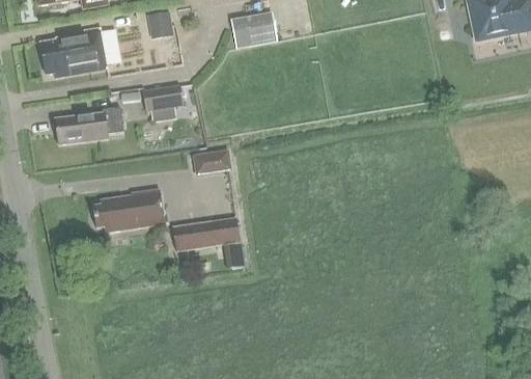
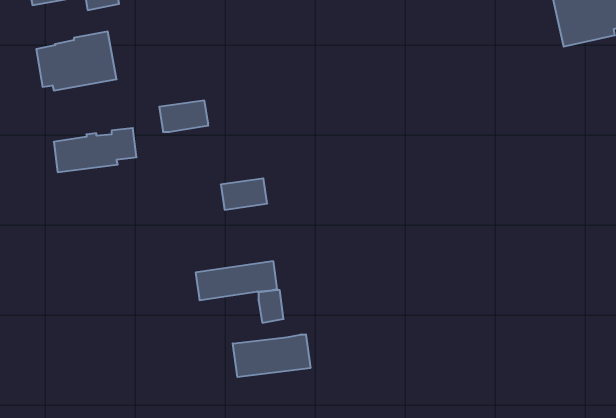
building: [147,10,173,38] -> none
building: [231,12,277,47] -> none
building: [93,189,165,231] -> none
building: none -> [233,334,310,377]

